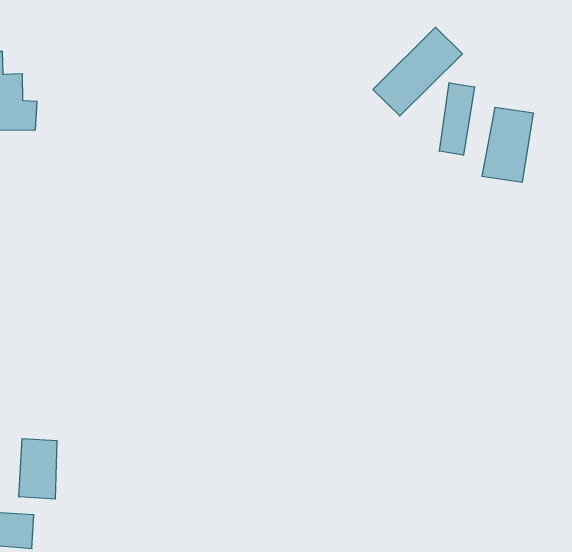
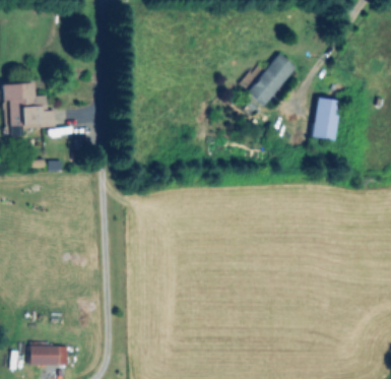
building: [439,83,475,155] -> none
building: [19,439,57,499] -> none

